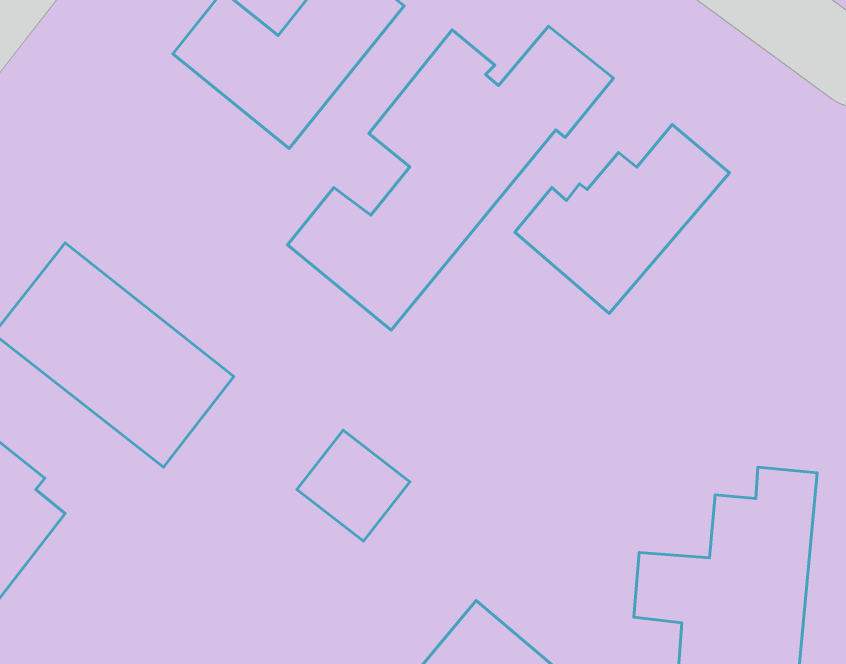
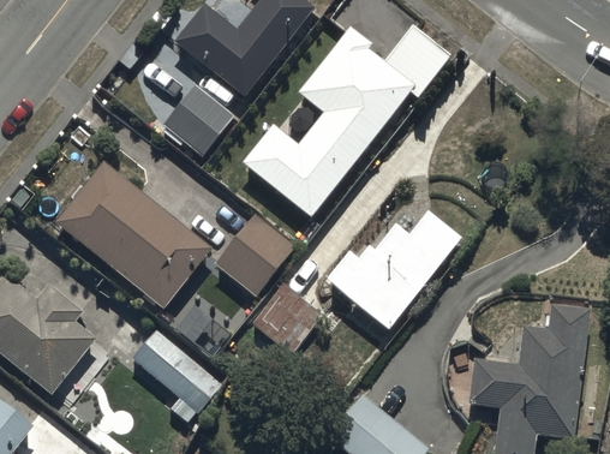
building: none -> [157,80,234,157]
building: [515,125,730,314] -> [325,207,465,329]
building: none -> [211,215,294,298]
building: none -> [131,327,223,416]

